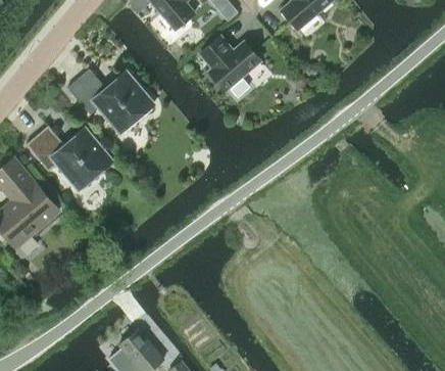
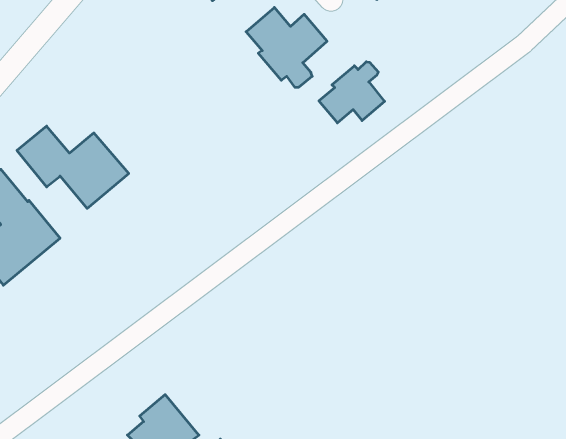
building: [67,68,152,131] -> none
building: none -> [319,62,385,123]

